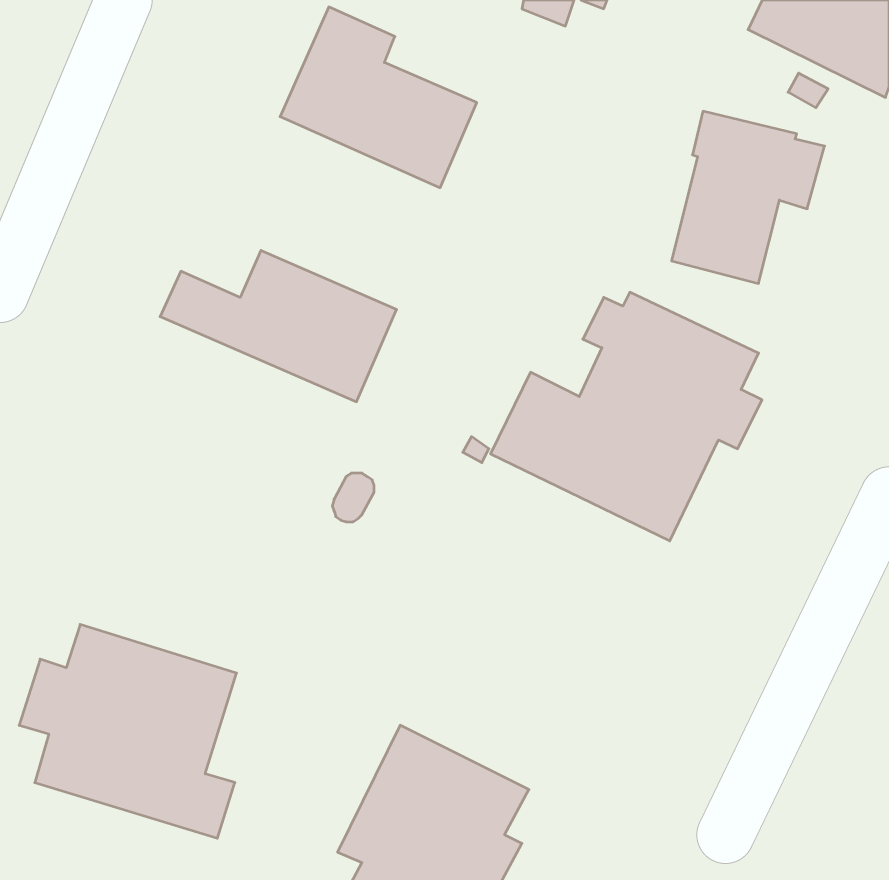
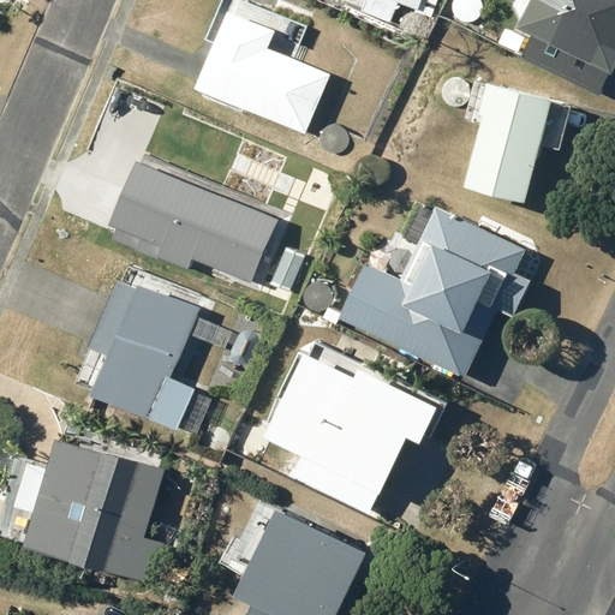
building: none -> [86,280,209,435]
building: none -> [263,352,436,515]

